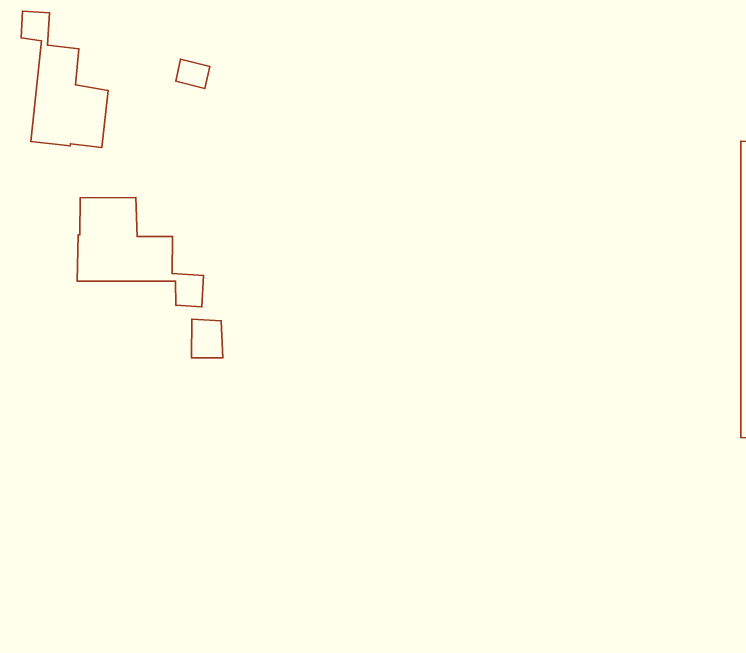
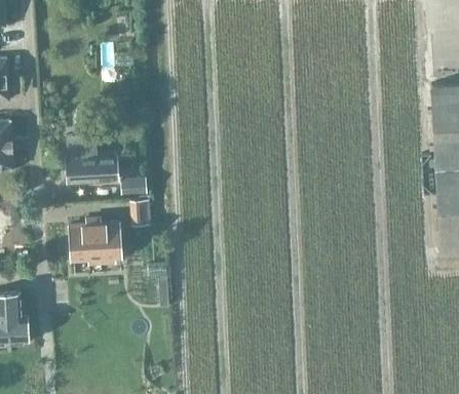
building: [21,11,108,147] -> none
building: none -> [71,223,121,260]

